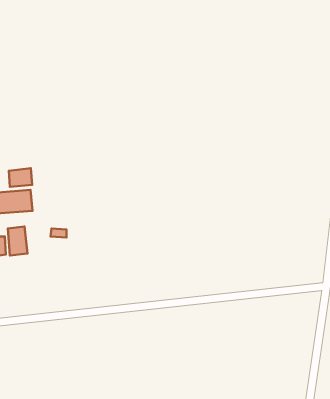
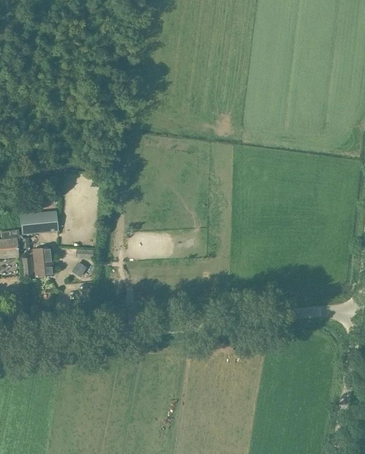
building: [9,168,32,187] -> none

